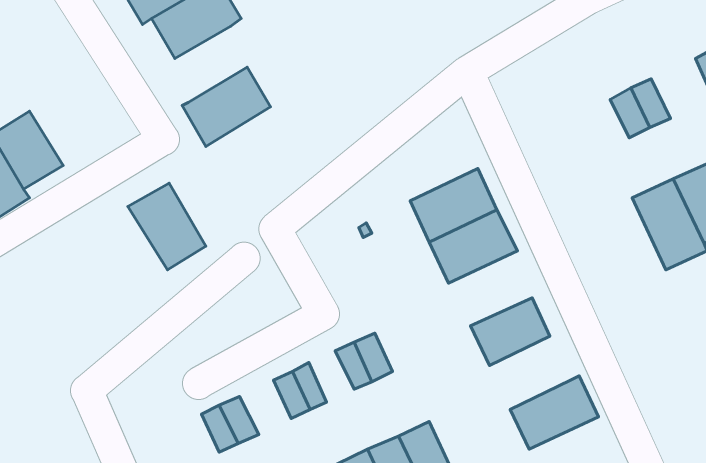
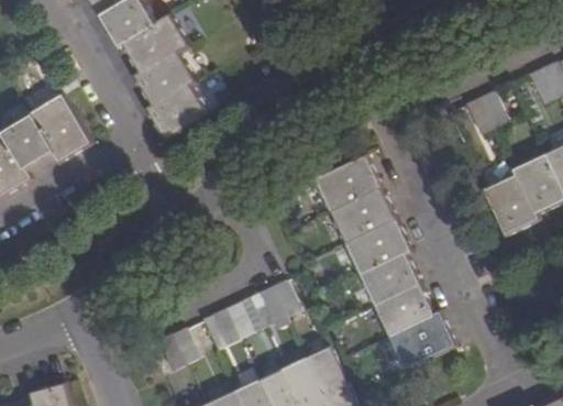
building: none -> [132,51,198,108]
building: [128,183,206,270] -> [30,97,88,162]
building: none -> [343,219,410,275]
building: none -> [374,283,434,338]

